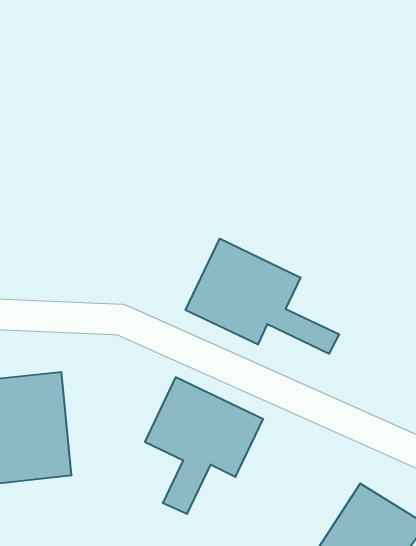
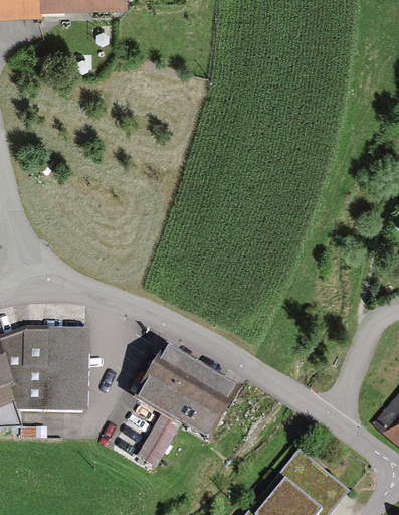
building: [186,239,339,354] -> none

